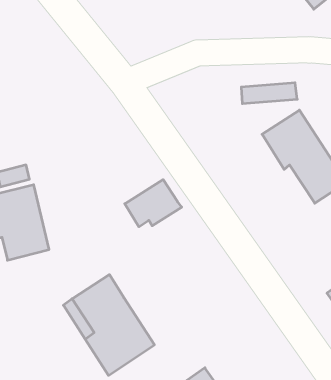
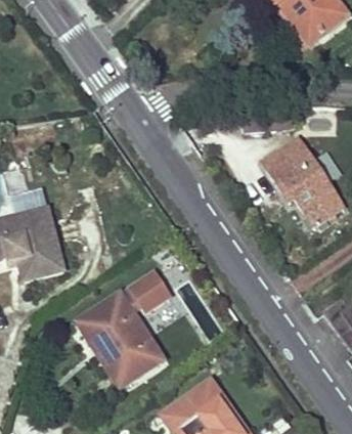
building: [125,180,182,227] -> [121,270,174,314]

